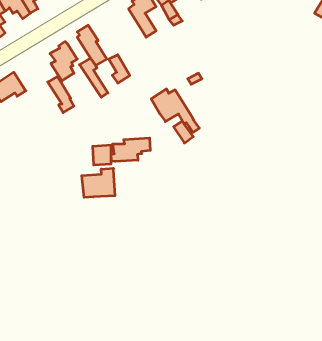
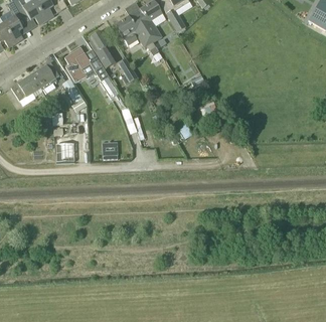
building: none -> [31,61,59,93]
building: [151,89,199,132] -> [115,14,159,54]
building: [111,138,150,161] -> none
building: [82,168,115,197] -> none

